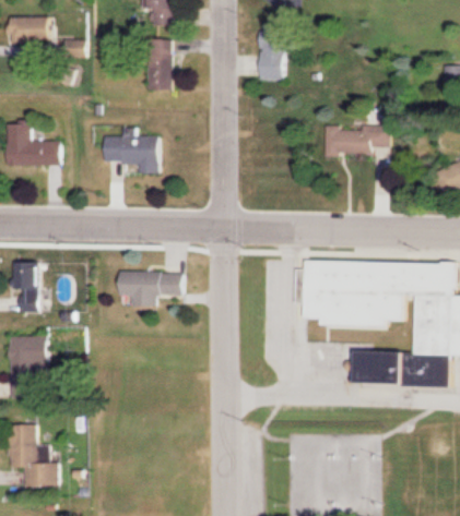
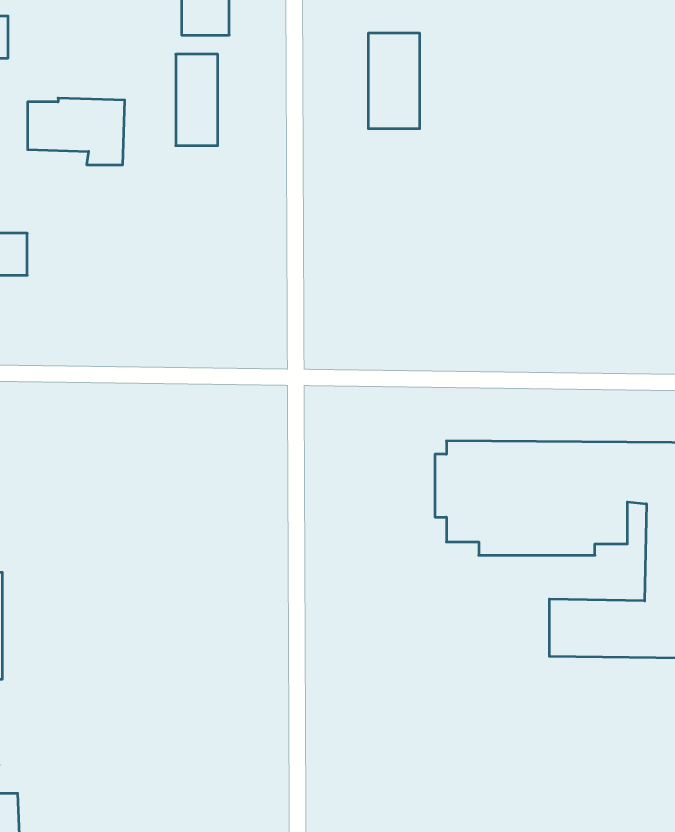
building: [323,128,381,154] -> none
building: [105,134,161,172] -> [28,98,125,165]
building: [119,271,185,307] -> none

